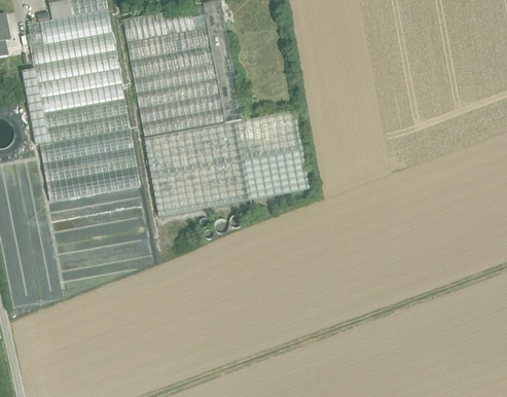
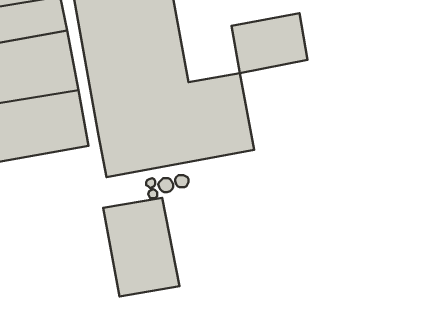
building: none -> [232,13,307,73]
building: none -> [103,198,179,297]

